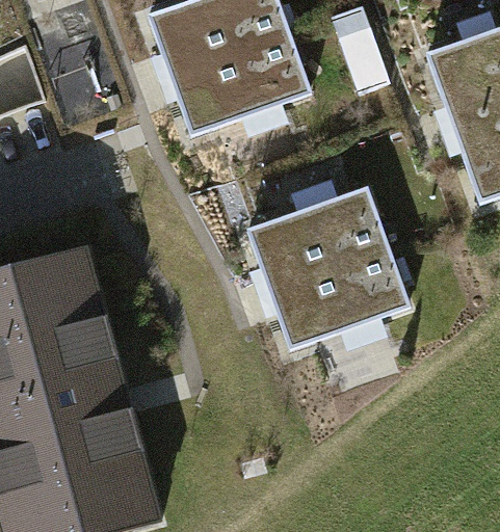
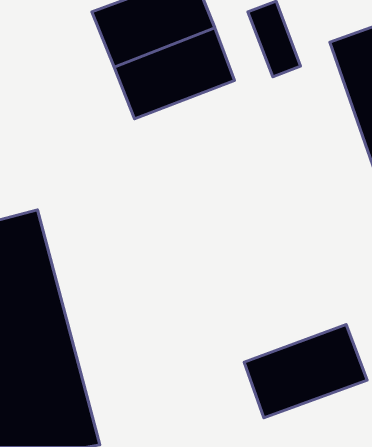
building: [246,183,414,350] -> none
building: none -> [244,325,367,418]

